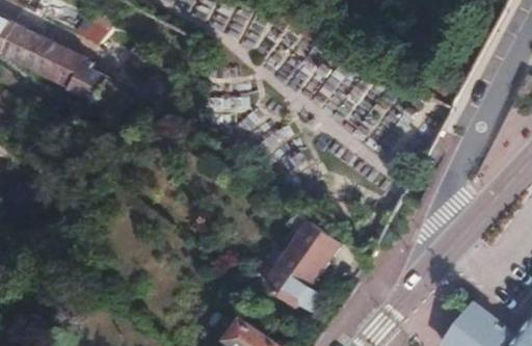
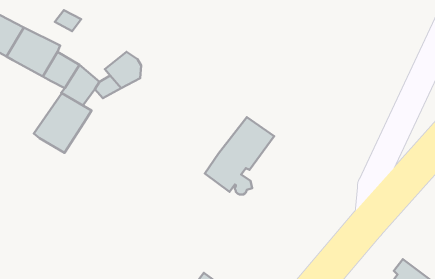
building: none -> [34,93,92,153]
building: [264,222,343,311] -> [205,117,274,194]

